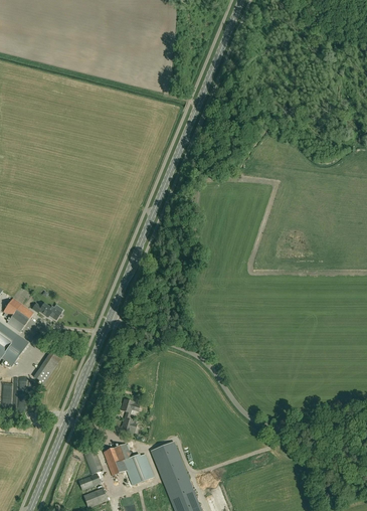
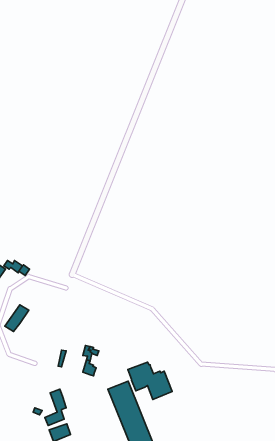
building: [104,444,154,486] -> [128,362,172,400]

